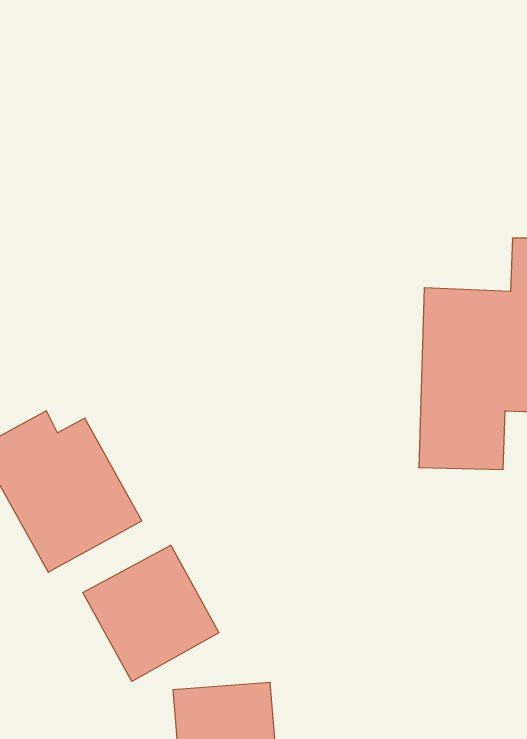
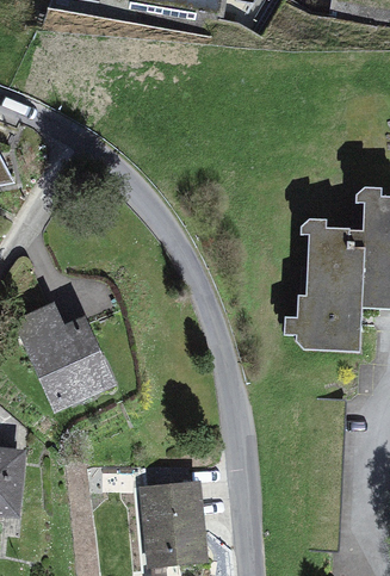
building: [83,545,219,681] -> none

